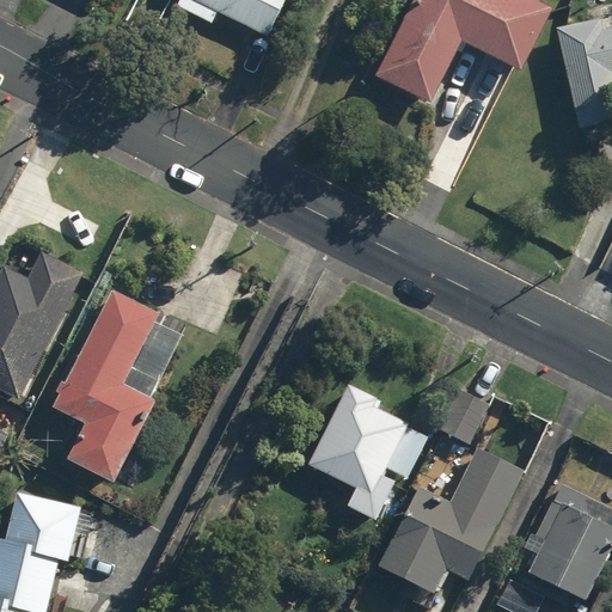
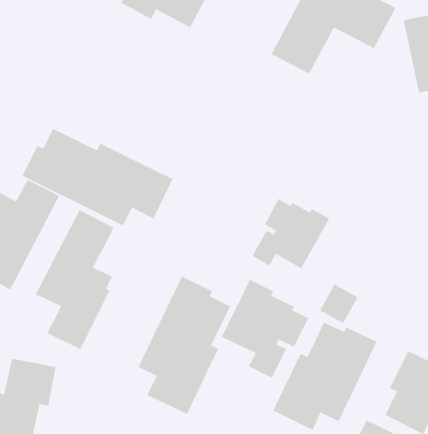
building: none -> [22,128,173,227]
building: none -> [251,198,330,269]
building: none -> [137,276,231,415]

